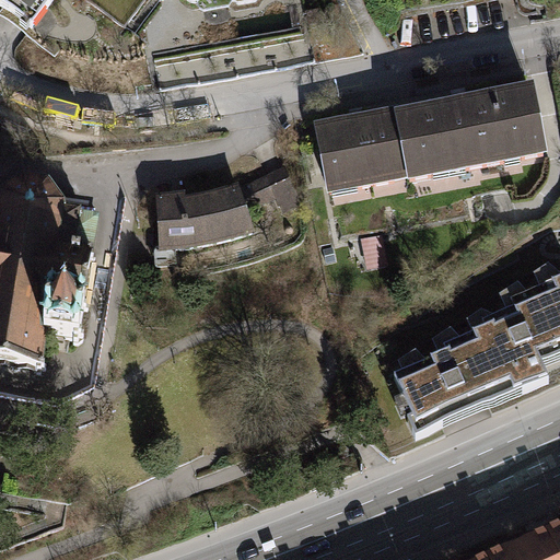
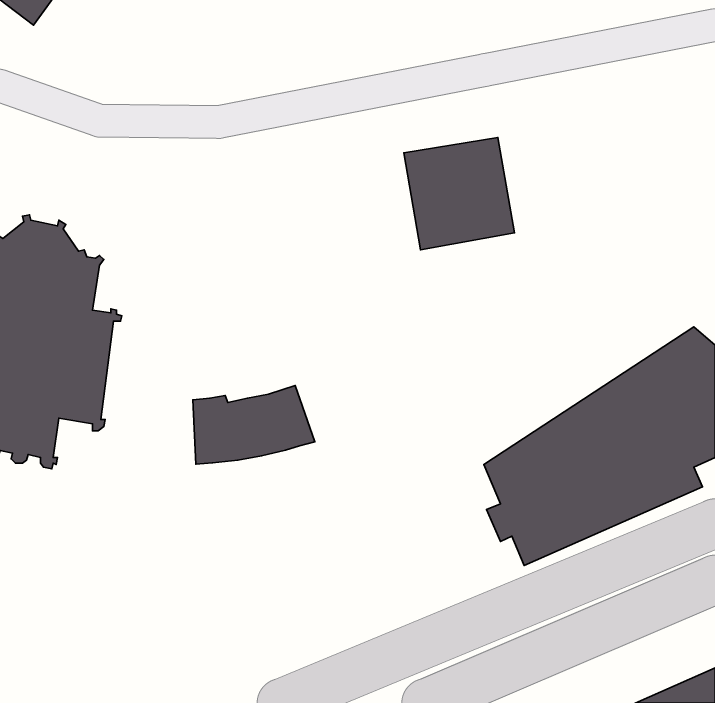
building: [388,82,546,182] -> none
building: [246,164,296,211] -> none
building: [158,180,253,242] -> [193,386,315,464]

